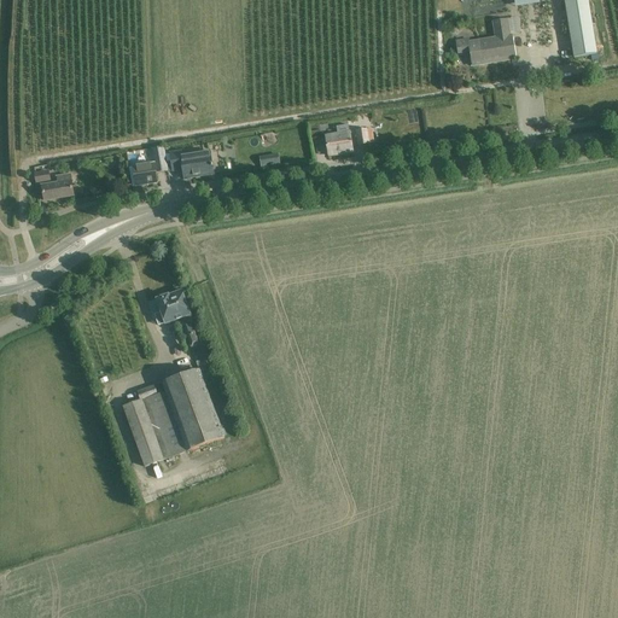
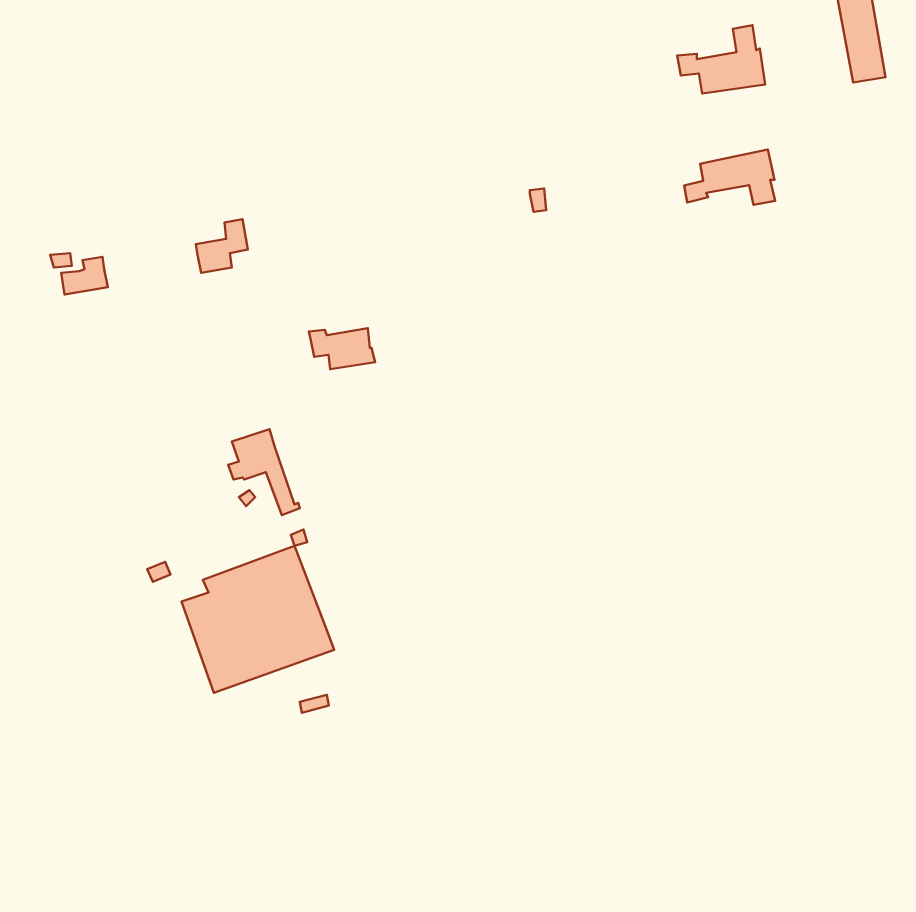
building: none -> [684,150,775,205]
building: [325,122,351,153] -> none
building: [169,148,214,176] -> [309,328,375,369]

